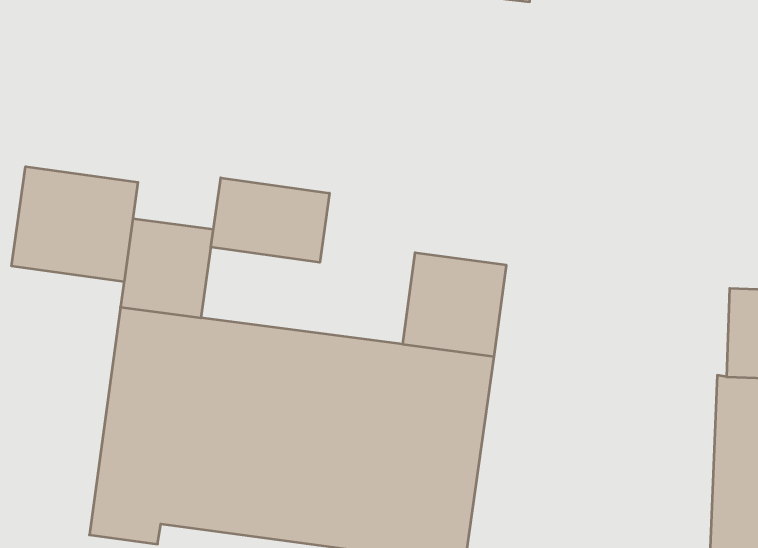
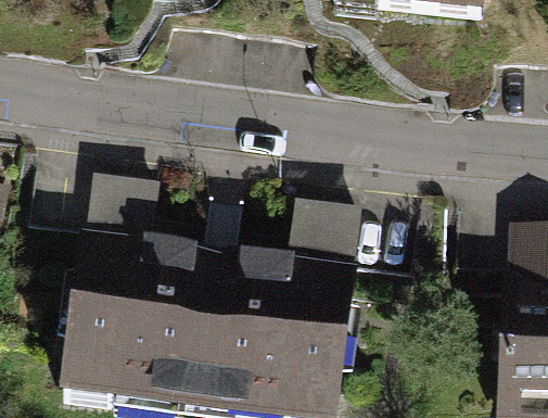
building: [12,167,138,282] -> none
building: [211,178,329,262] -> none

